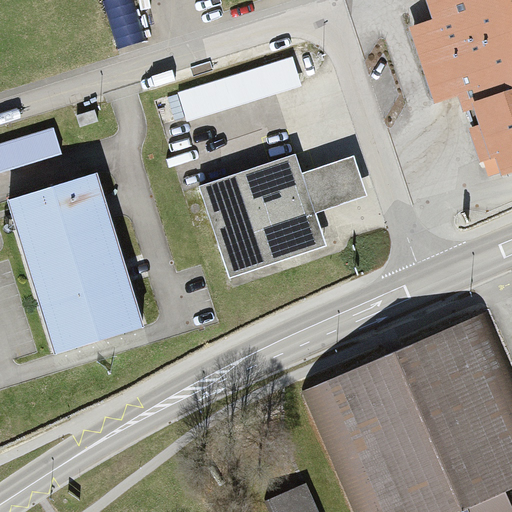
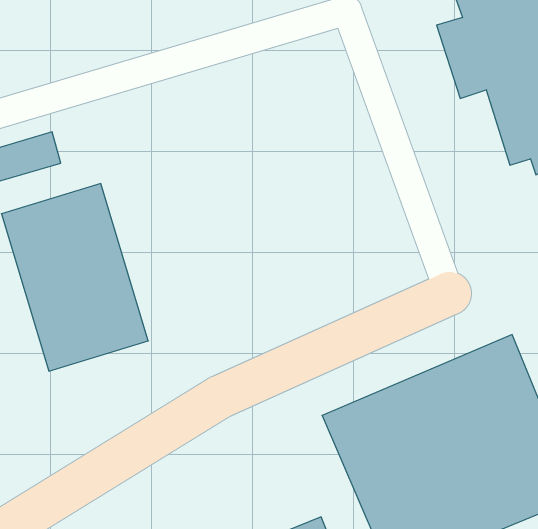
building: [178,61,297,124] -> none
building: [199,158,357,275] -> none

